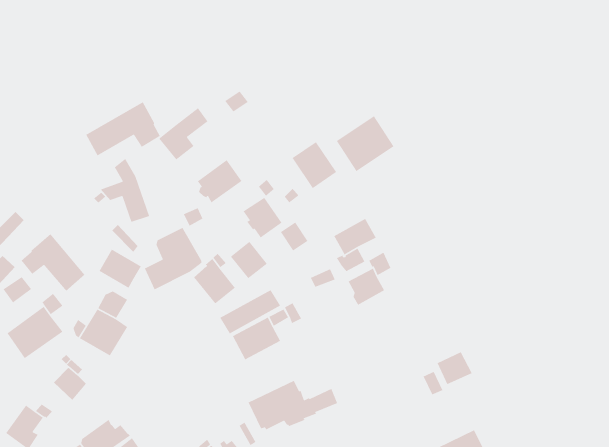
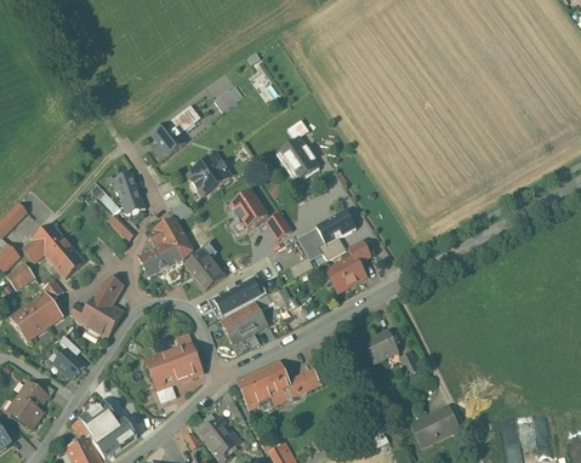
building: [85,101,161,156] -> none
building: [336,115,394,172] -> none
building: [230,241,268,279] -> none
building: [99,248,142,289] -> none
building: [436,351,473,385] -> [364,331,398,362]
building: none -> [146,342,203,402]

